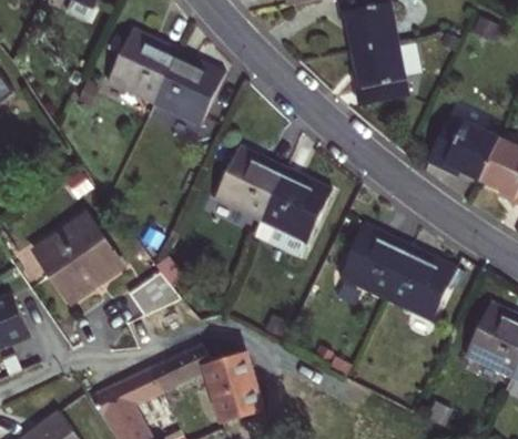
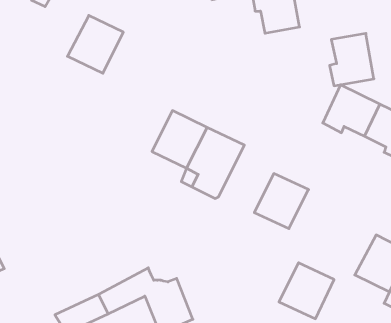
building: [353,41,408,106] -> [330,33,374,86]
building: [153,48,224,121] -> none
building: [31,218,122,308] -> none
building: [385,244,454,314] -> [279,263,334,319]
building: [122,279,172,319] -> none

